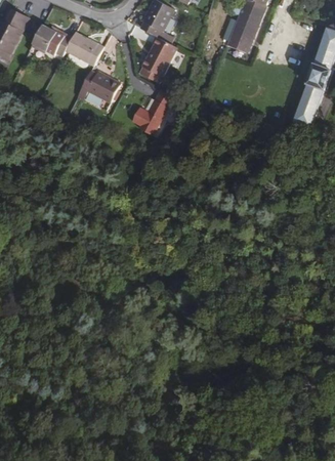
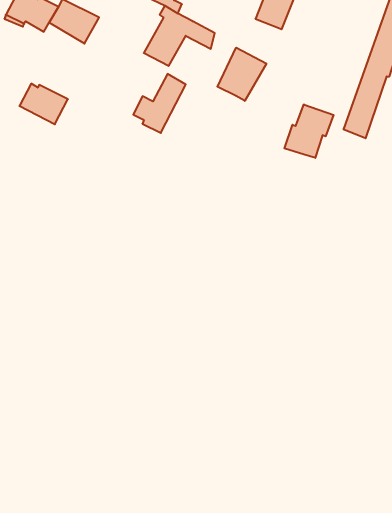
building: none -> [217,48,266,101]
building: [80,70,118,101] -> [19,84,68,124]
building: none -> [284,104,334,158]

